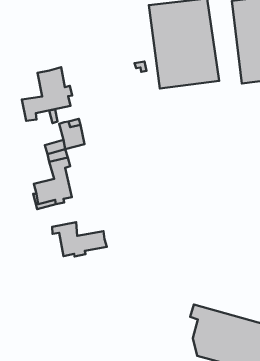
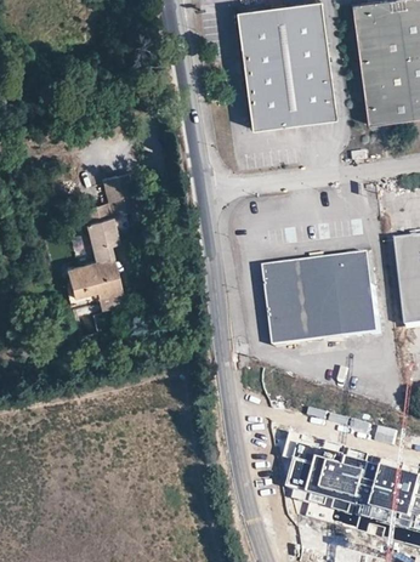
building: [22,67,72,121] -> none
building: none -> [267,252,384,346]
building: [52,222,107,256] -> none

